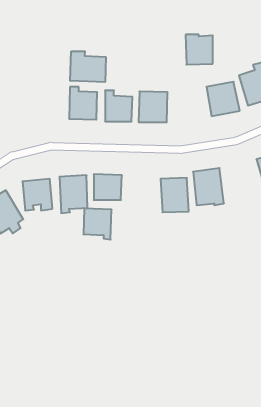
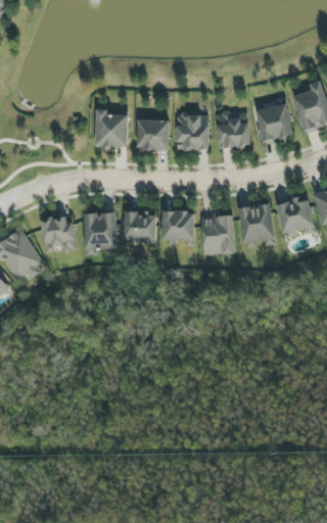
building: [186,35,213,65] -> [217,112,248,147]
building: [70,51,106,82] -> none
building: none -> [275,195,314,236]
building: [83,209,112,240] -> [161,210,194,246]

